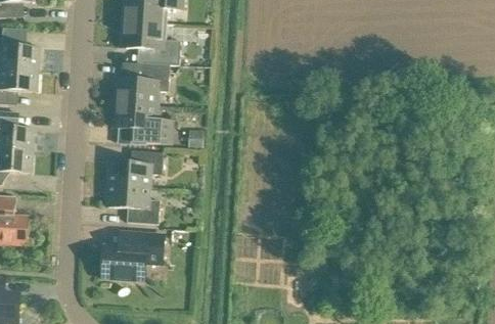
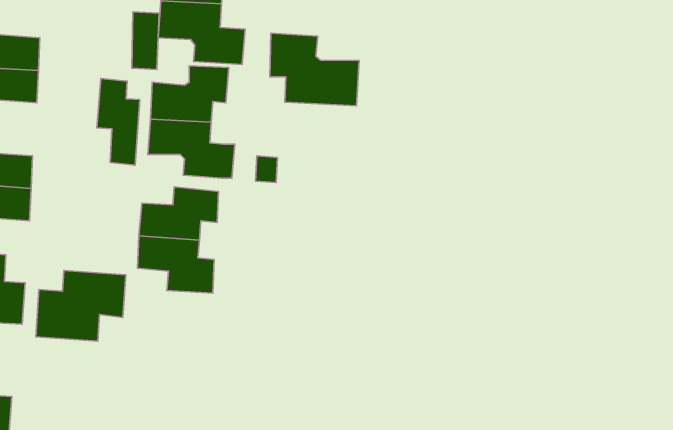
building: none -> [132,12,159,69]
building: none -> [270,33,359,106]
building: none -> [97,78,140,165]
building: [100,231,163,280] -> [36,270,126,341]

